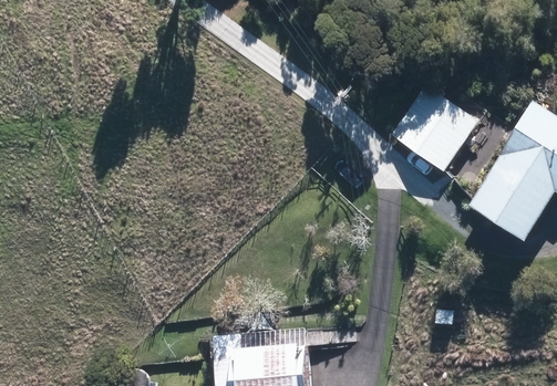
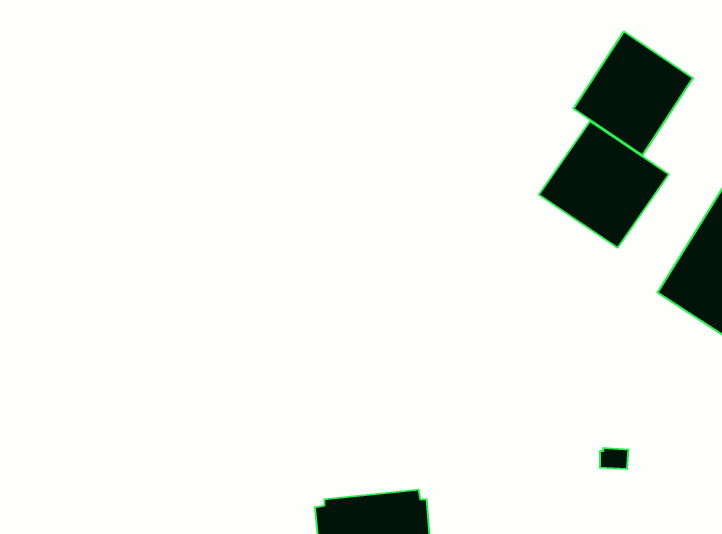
building: none -> [574,32,693,155]

